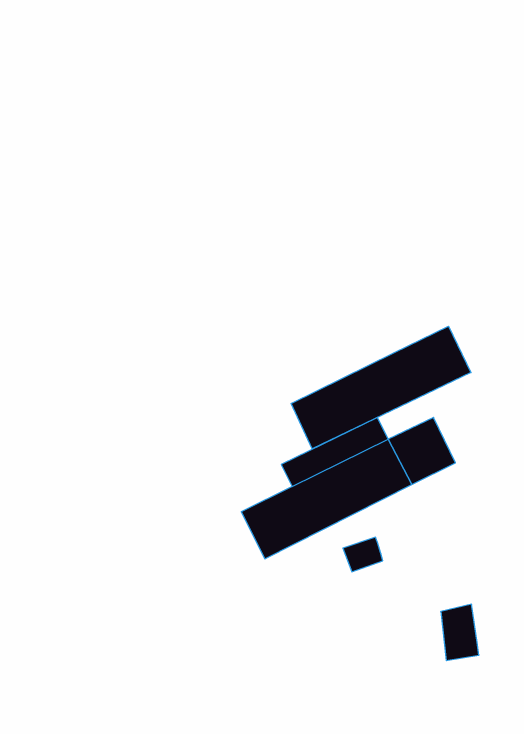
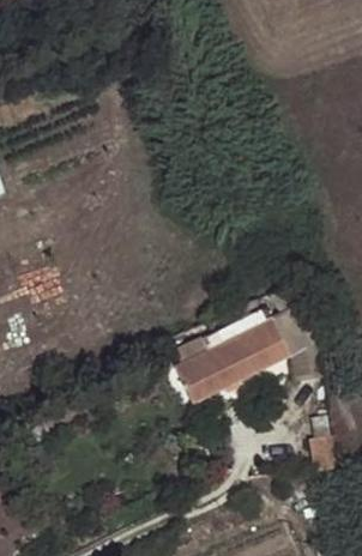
building: [291,326,471,449] -> none

